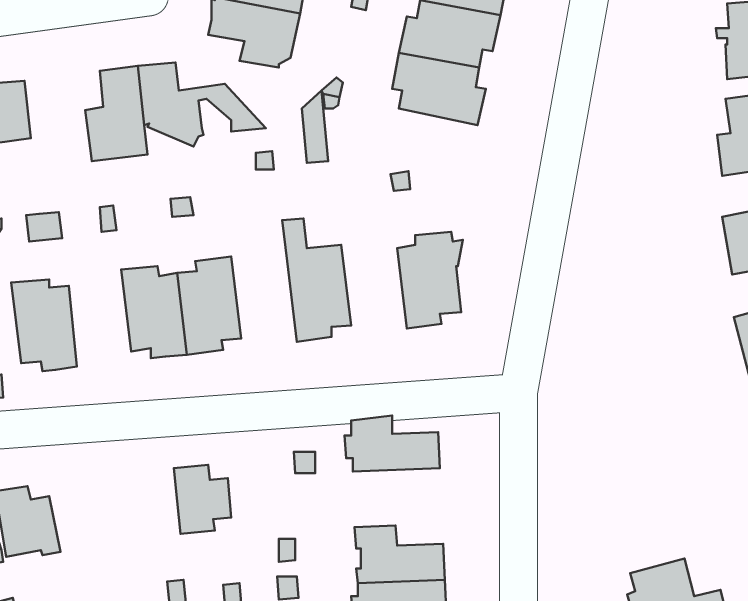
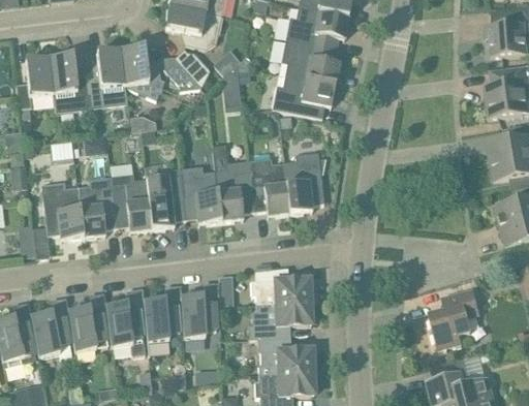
building: none -> [176,50,211,86]
building: none -> [50,53,92,113]
building: none -> [272,73,335,117]
building: none -> [249,156,290,215]
building: none -> [180,164,221,222]
building: none -> [77,175,117,236]
building: none -> [430,287,479,347]
building: none -> [182,293,216,336]
building: none -> [248,300,312,337]
building: none -> [106,302,146,353]
building: none -> [68,306,106,350]

